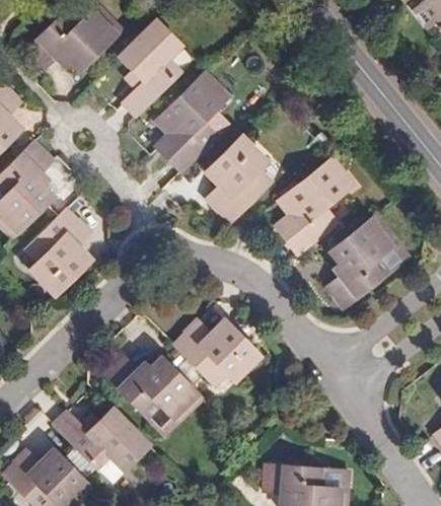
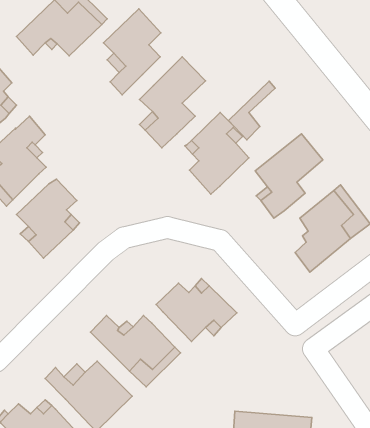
building: none -> [228,81,275,140]

